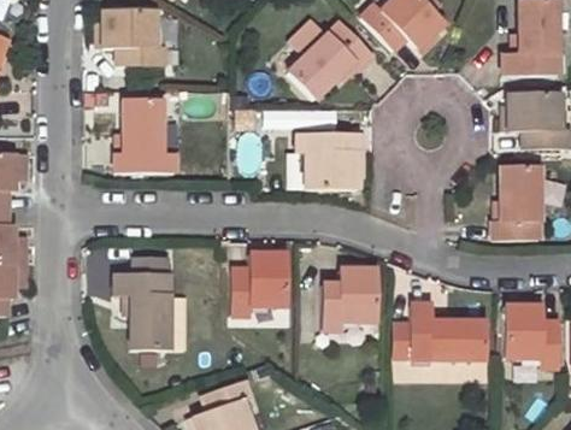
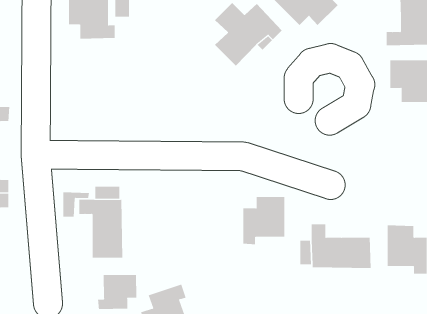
building: [114,99,161,172] -> none
building: [299,134,359,189] -> none
building: [496,165,542,240] -> none
building: [234,249,288,312] -> none
building: none -> [97,274,137,310]

